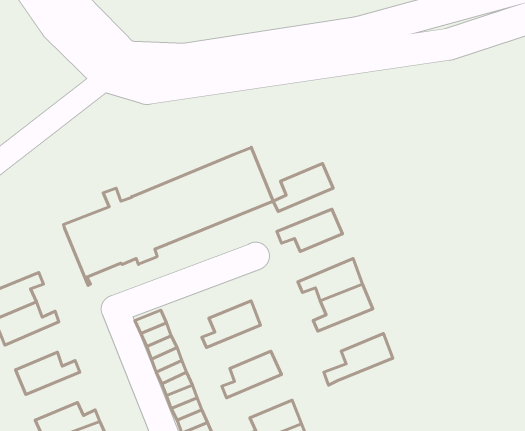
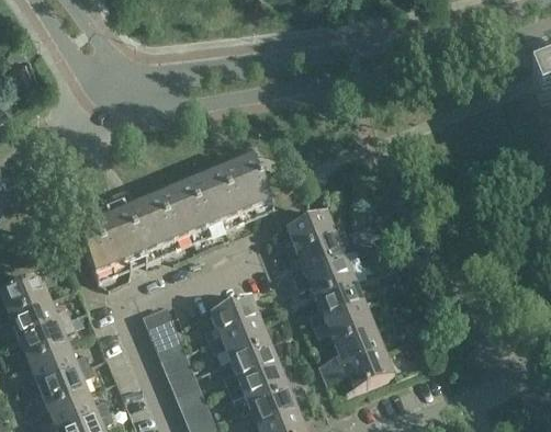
building: [273,164,333,212] -> [289,232,345,277]
building: none -> [312,303,373,342]
building: none -> [19,315,74,360]
building: none -> [207,318,268,359]
building: none -> [322,349,392,388]
building: none -> [38,362,93,407]
building: none -> [226,364,288,405]

